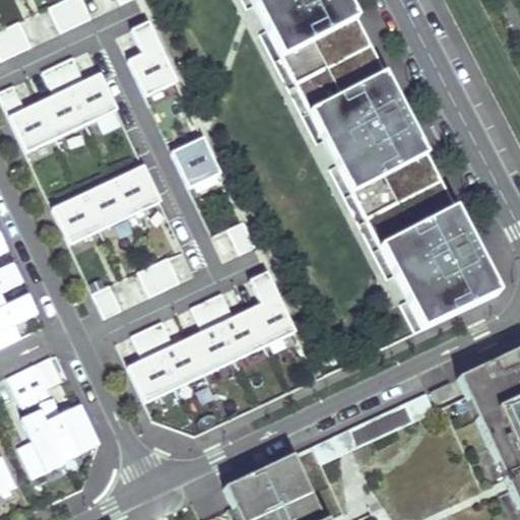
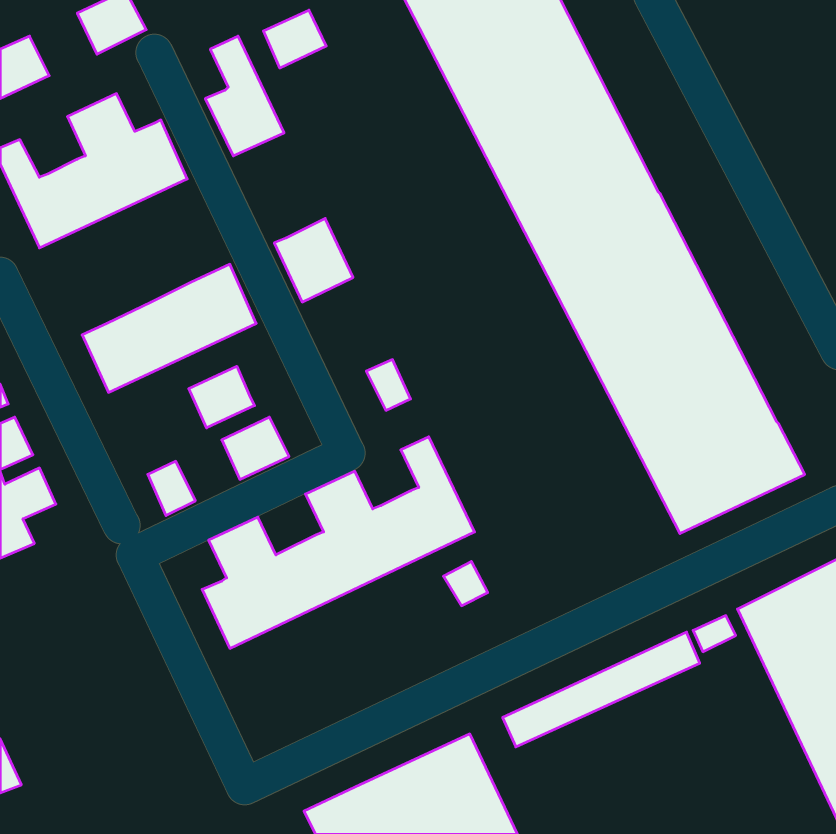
building: none -> [263,10,326,68]
building: none -> [189,366,255,428]
building: [8,363,49,405] -> none
building: [17,400,99,478] -> none

